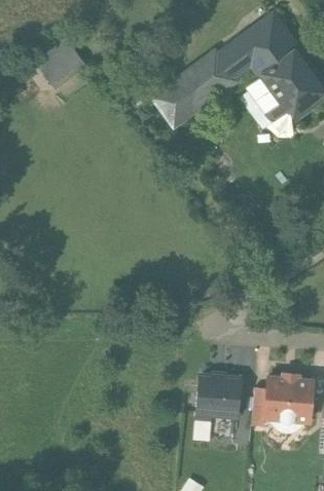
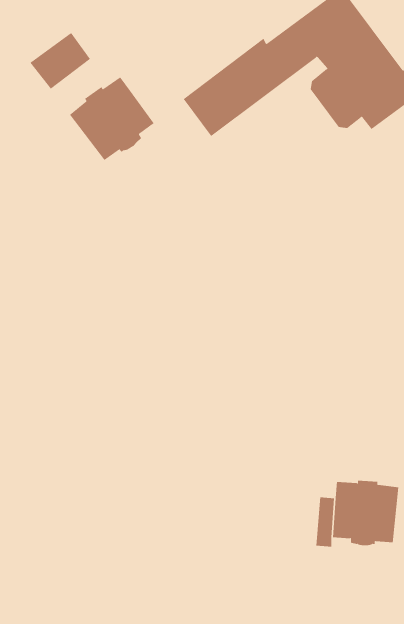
building: none -> [69,76,154,161]
building: [194,374,239,418] -> none

